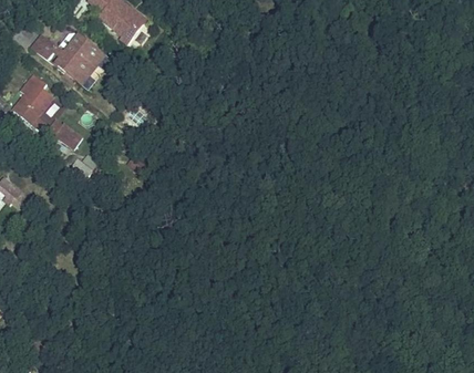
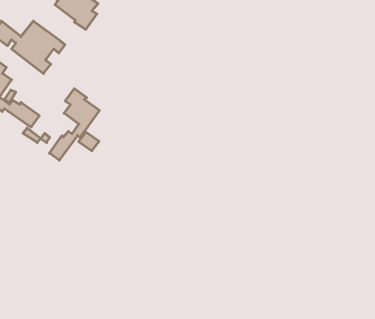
building: none -> [49,89,99,160]

